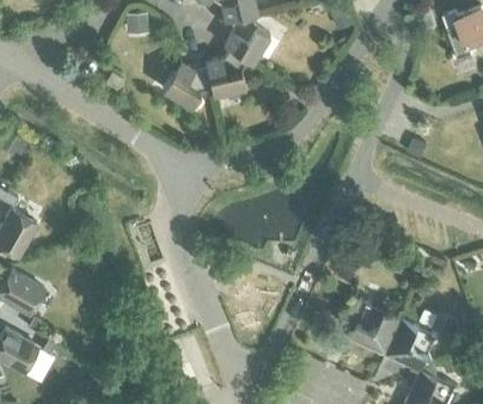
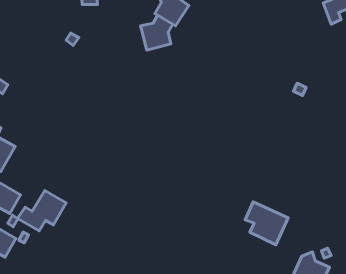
building: [163,62,212,108] -> none
building: none -> [18,190,66,231]
building: [385,320,438,372] -> none

